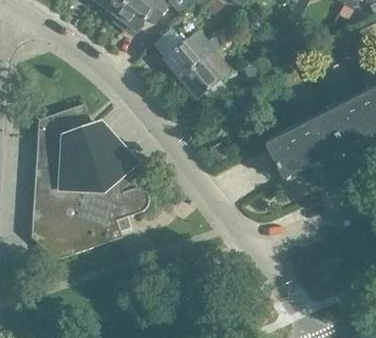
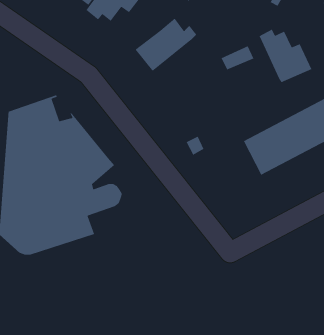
building: none -> [259,28,313,83]
building: [178,50,231,100] -> none

